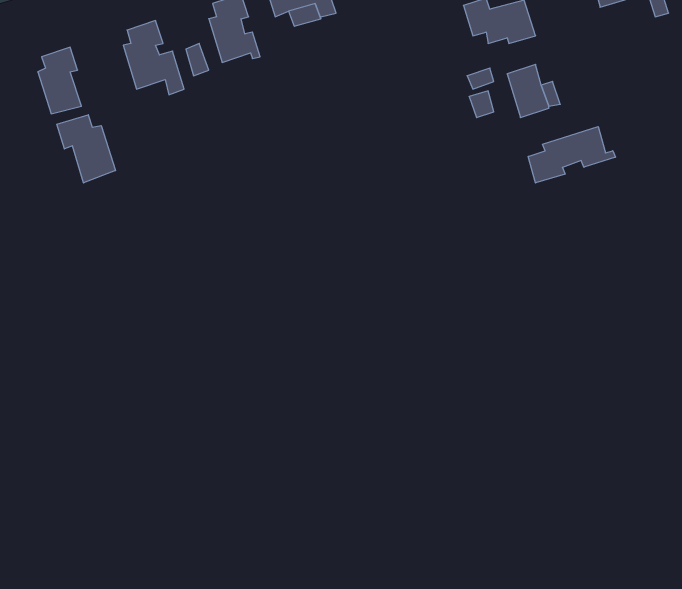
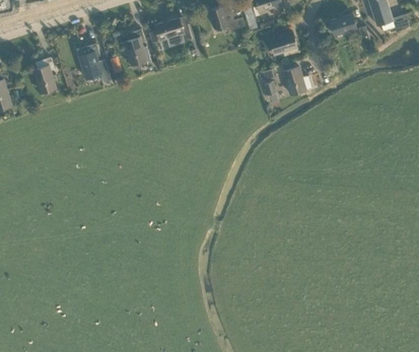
building: [57,115,115,183] -> none
building: [528,127,615,183] -> none

